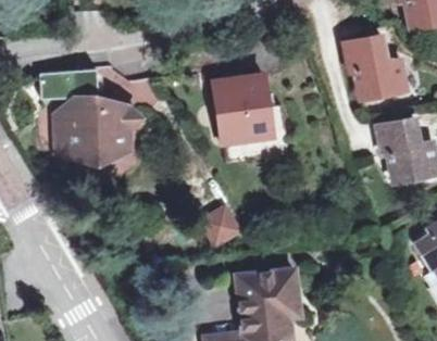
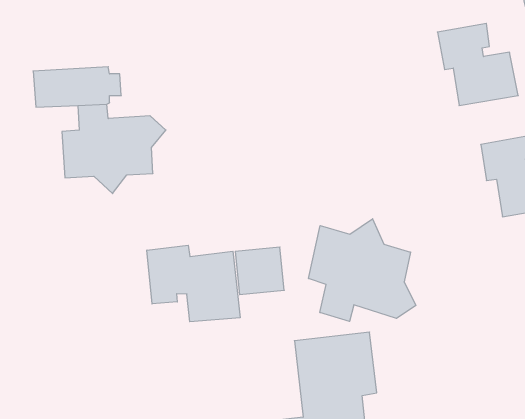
building: [216,76,271,142] -> none
building: none -> [309,219,416,321]
building: none -> [147,245,240,322]

